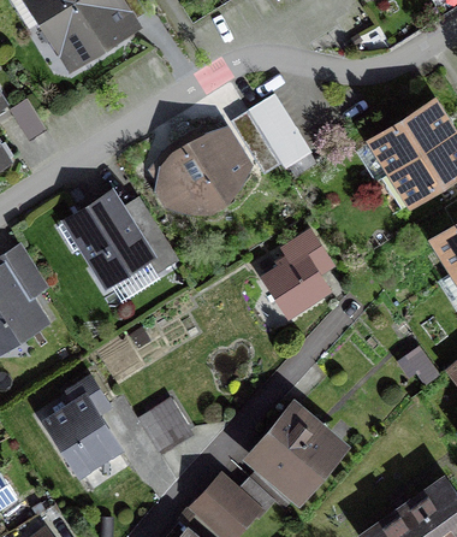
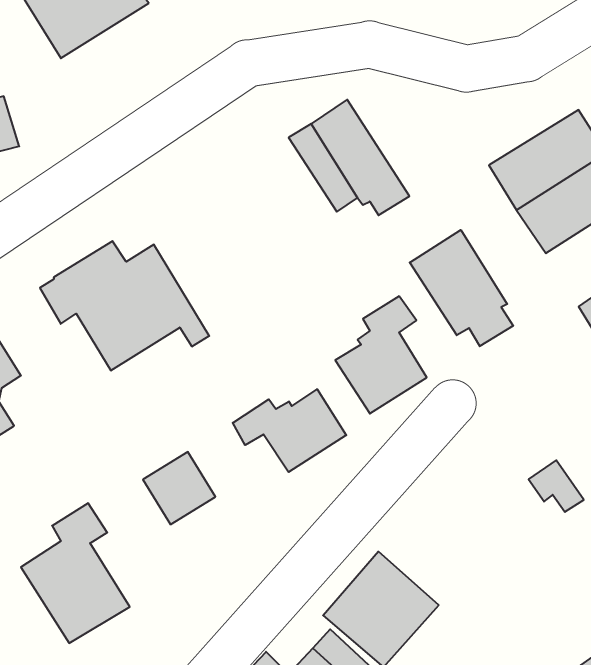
building: [158,135,244,210] -> none
building: none -> [410,230,513,346]
building: none -> [233,389,346,472]
building: [138,401,189,452] -> [143,452,215,524]

